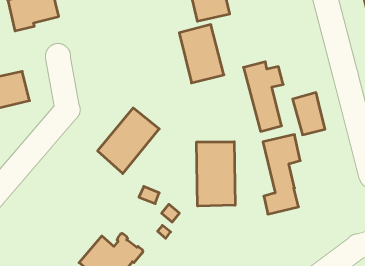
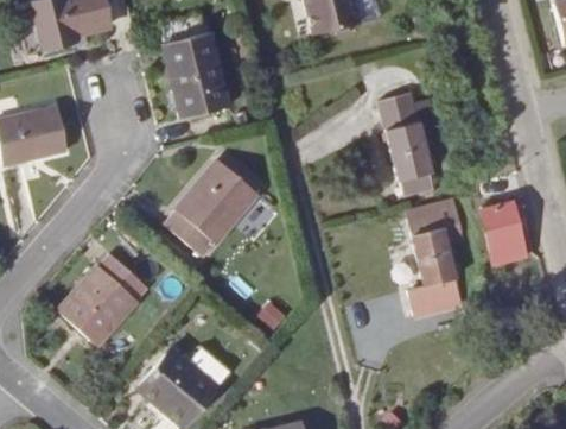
building: [179,25,224,83] -> [164,32,229,118]
building: [293,93,325,135] -> [479,201,527,263]
building: [197,142,235,206] -> none
building: none -> [59,253,148,343]

